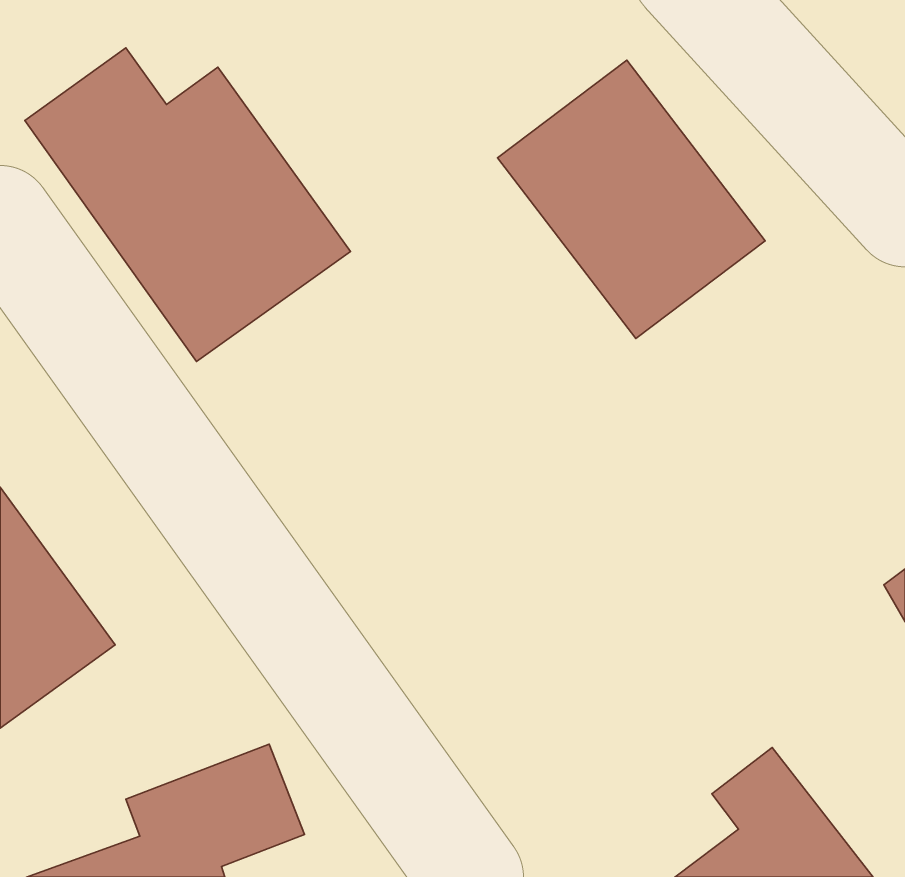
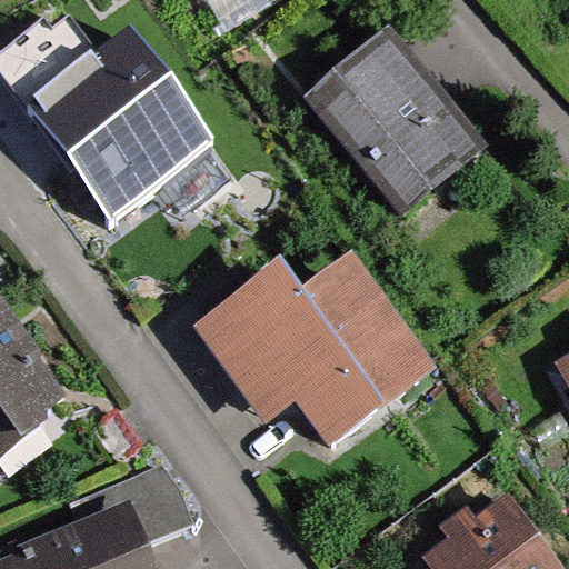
building: none -> [194,274,422,451]

